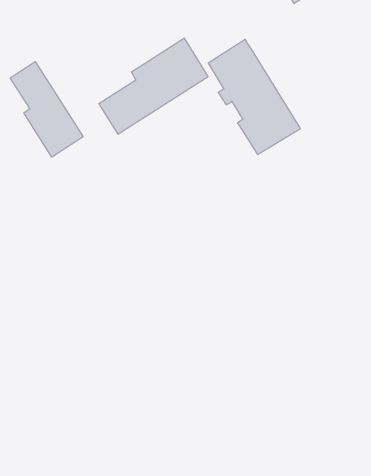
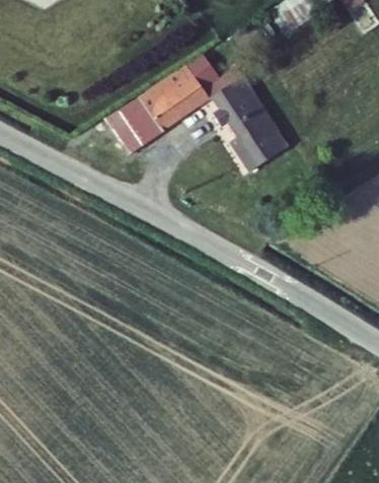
building: [10,62,83,157] -> none

